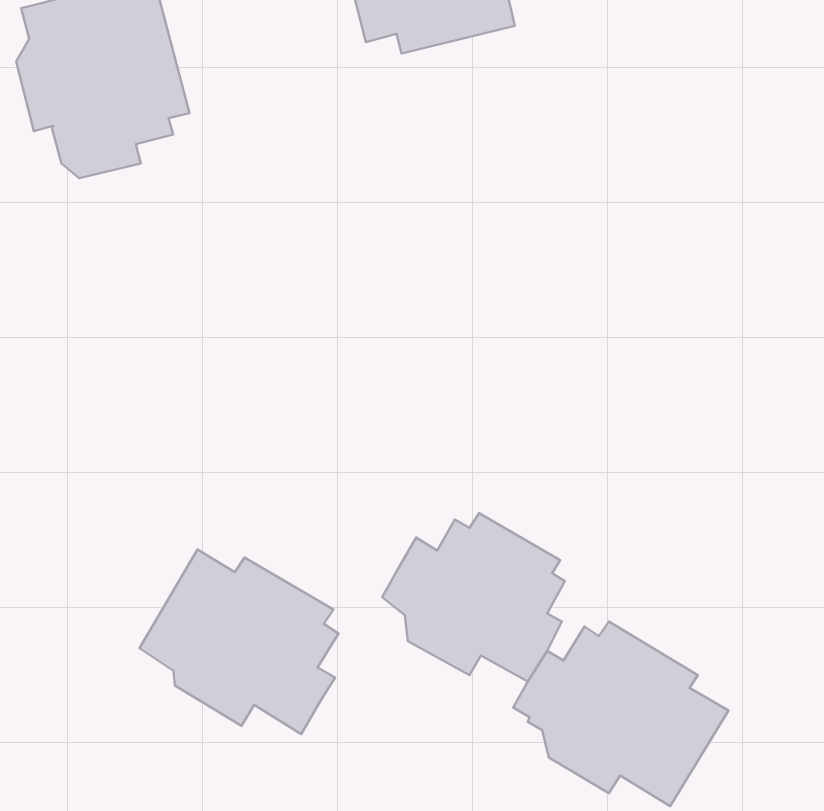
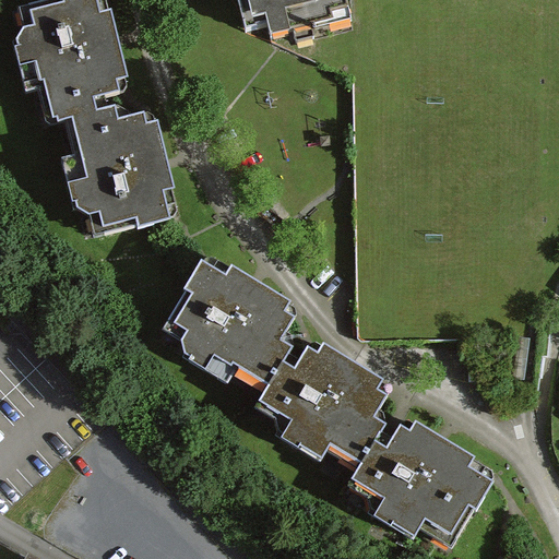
building: none -> [62,106,175,233]
building: [139,549,339,734] -> [160,261,295,385]

